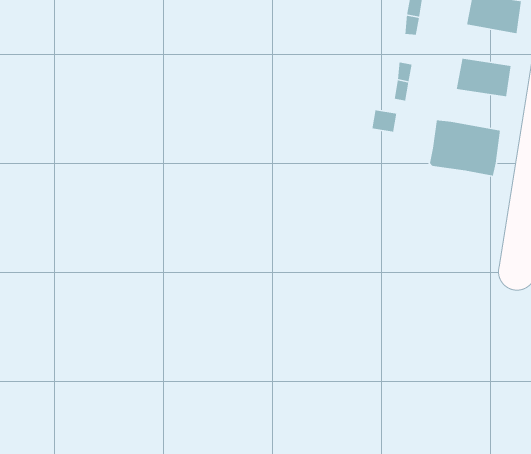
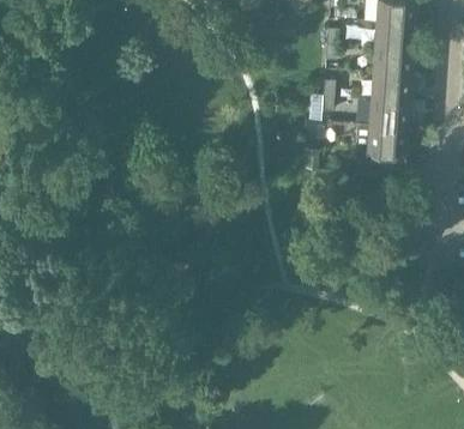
building: none -> [373,46,415,74]
building: none -> [369,97,411,126]

